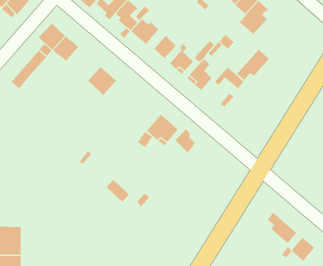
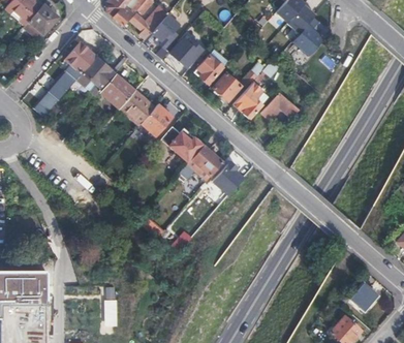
building: [236,49,270,81] -> none
building: none -> [100,73,135,108]
building: none -> [141,104,172,136]
building: none -> [161,127,204,162]
building: [267,212,297,244] -> none

